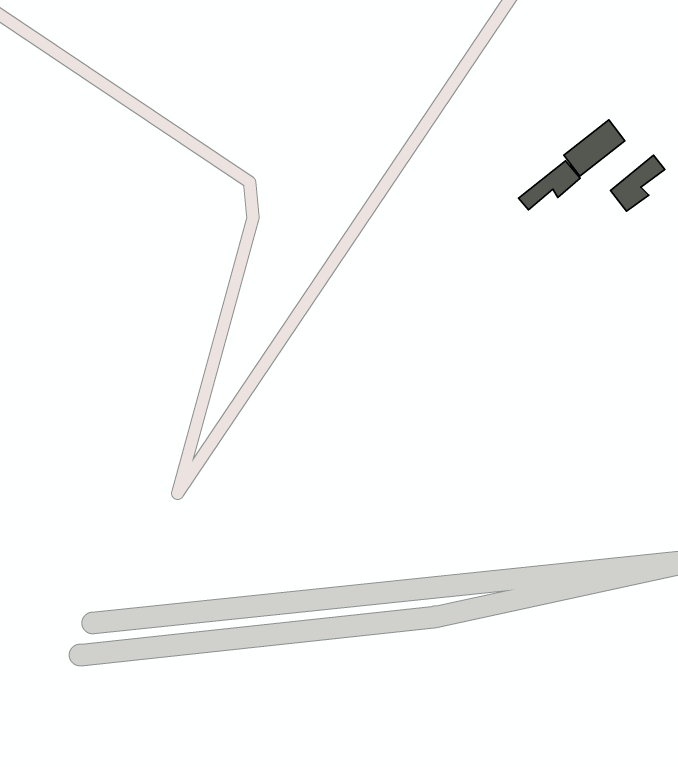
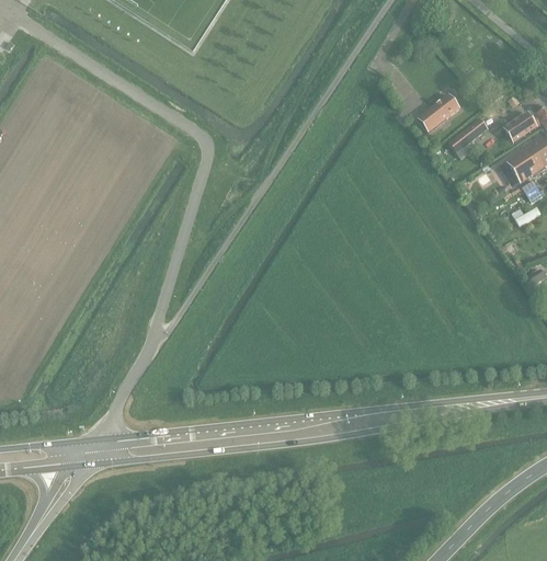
building: [519,161,580,210] -> none

